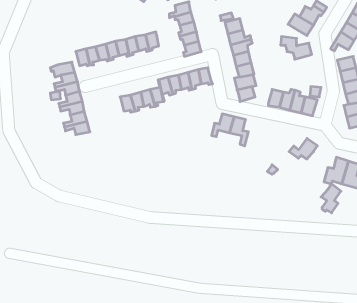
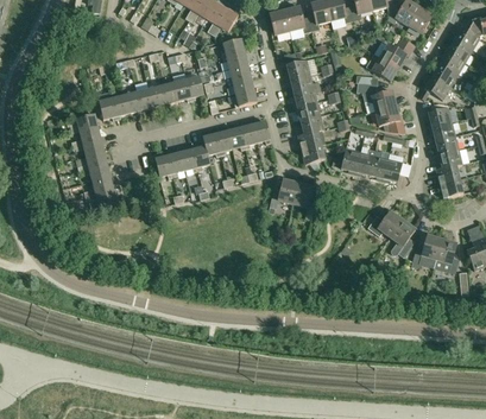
building: none -> [375,104,408,134]
building: [321,184,341,213] -> [391,220,416,256]

